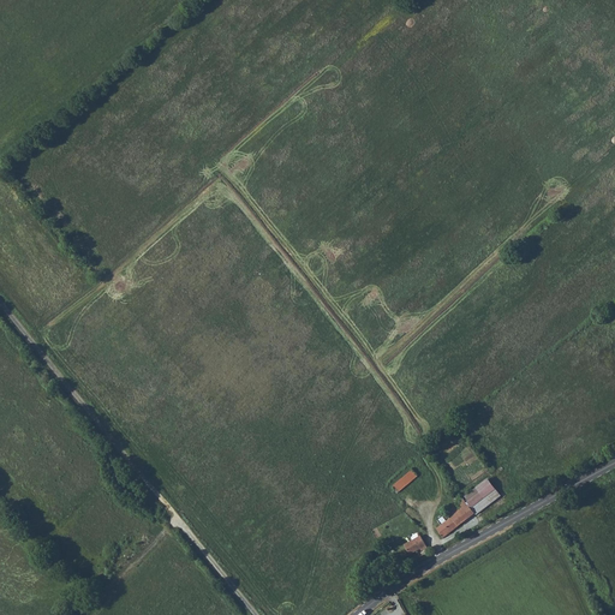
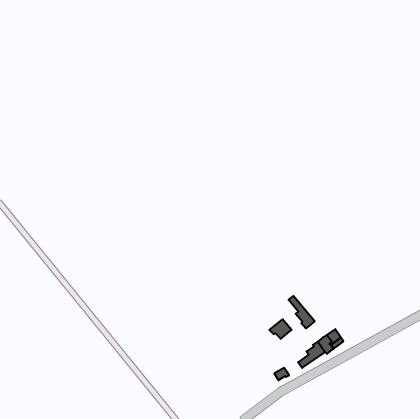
building: none -> [289,296,315,328]

